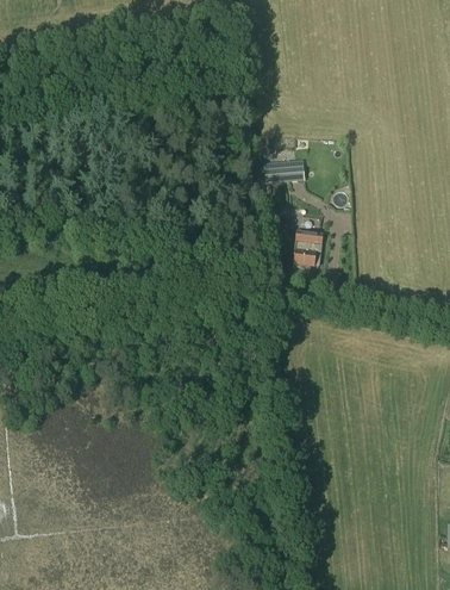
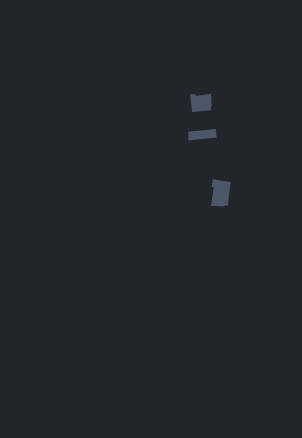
building: none -> [190,93,212,113]

